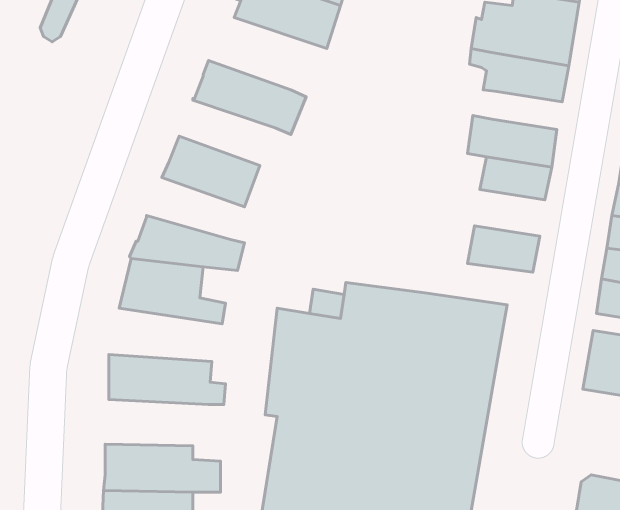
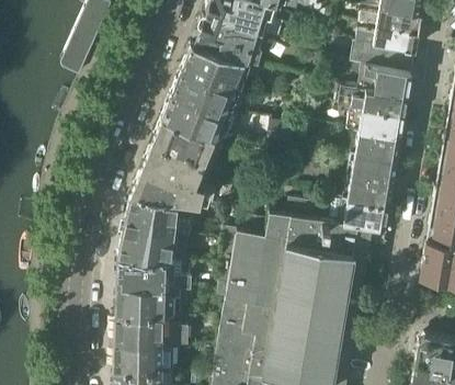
building: none -> [181,43,244,87]
building: none -> [341,84,407,112]
building: none -> [162,93,224,135]
building: none -> [141,143,204,182]
building: none -> [351,150,396,180]
building: none -> [319,196,388,226]
building: none -> [117,226,190,260]
building: none -> [115,284,181,314]

